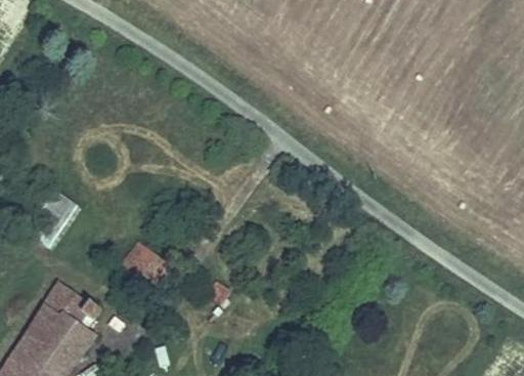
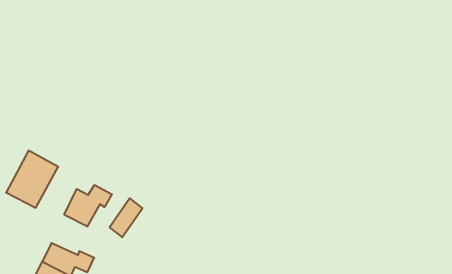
building: none -> [64,185,112,227]

